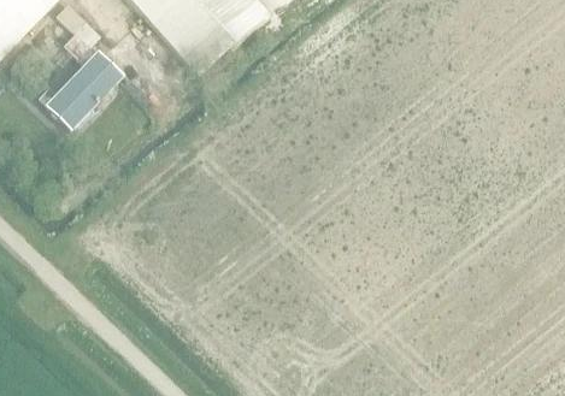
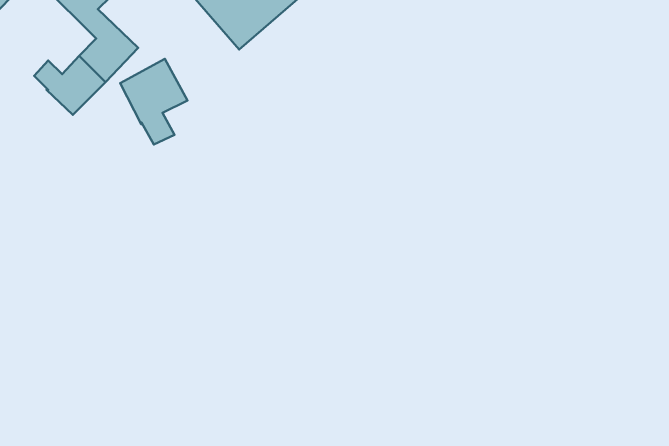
building: none -> [120,59,188,145]

